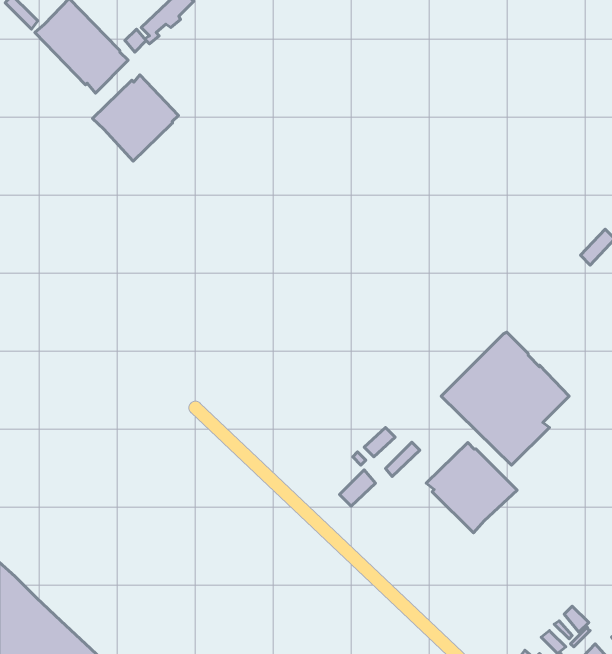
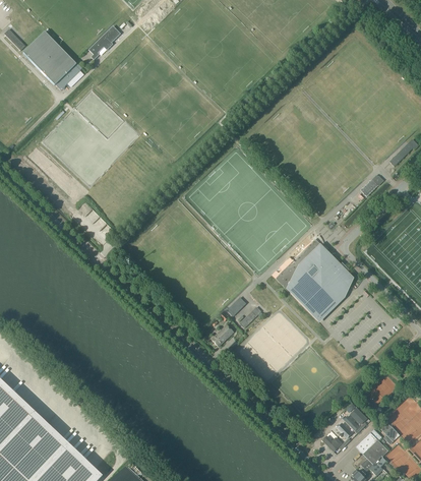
building: [92,75,179,161] -> none
building: [426,442,517,533] -> none

